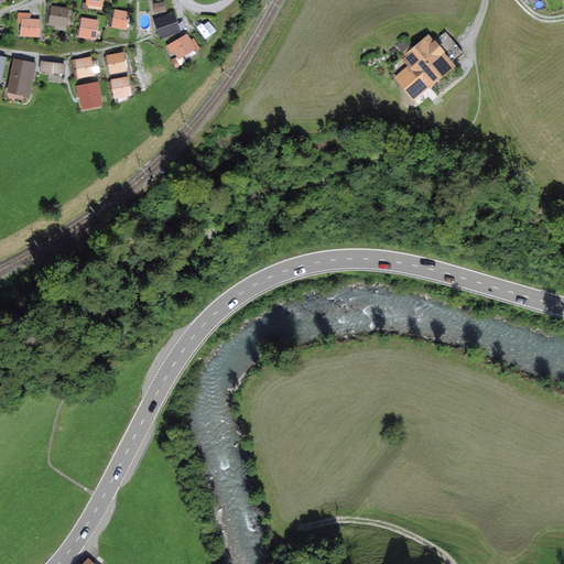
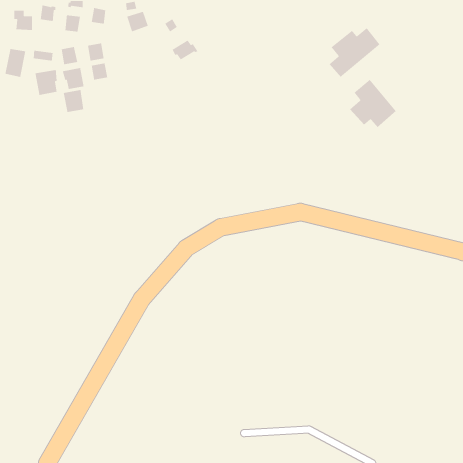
building: [166,34,199,59] -> [171,40,199,60]
building: none -> [35,69,58,96]
building: none -> [349,79,397,128]
building: none -> [63,89,84,113]

